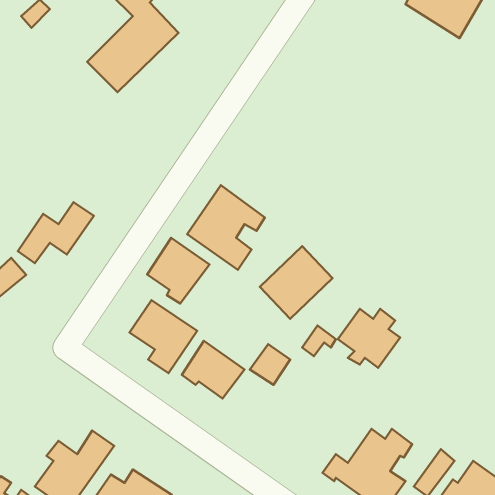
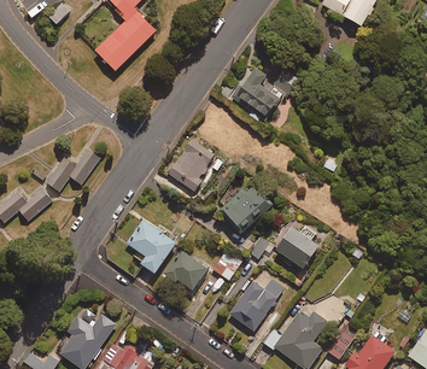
building: none -> [230,66,281,121]
building: [147,238,209,304] -> none
building: none -> [228,279,283,330]

